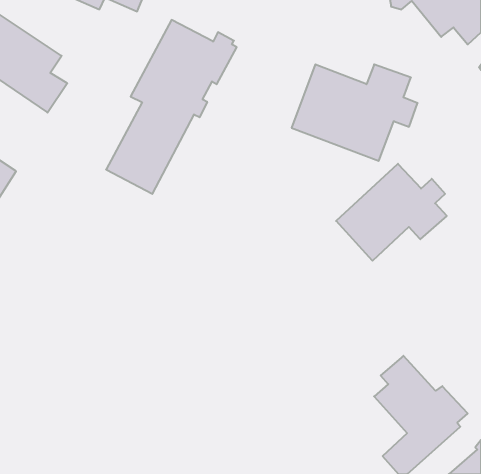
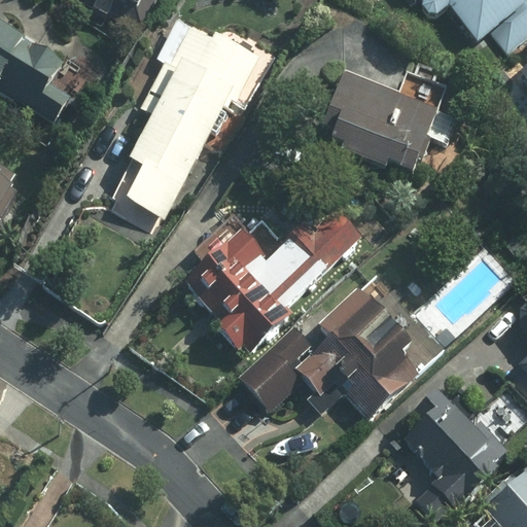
building: [336,164,447,261] -> none
building: none -> [187,209,360,350]
building: none -> [254,285,429,417]

